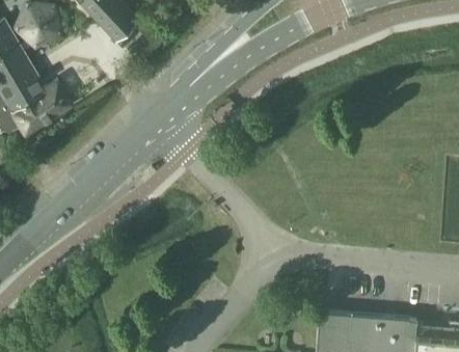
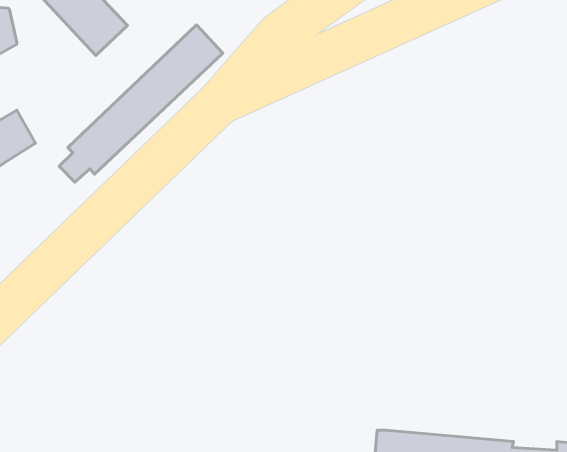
building: none -> [59,25,223,182]

